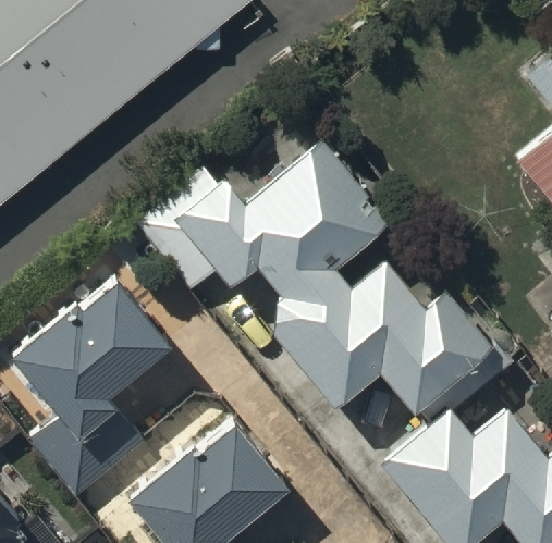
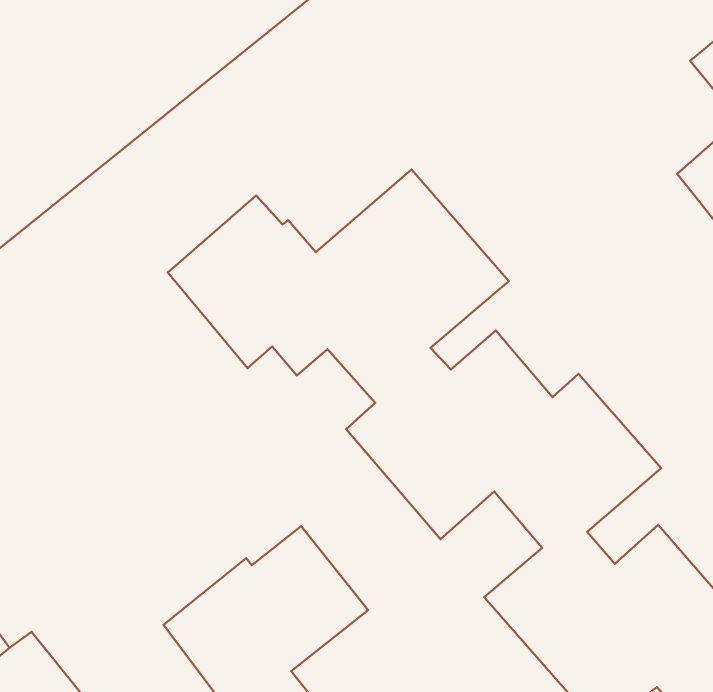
building: [16,273,175,478] -> none

